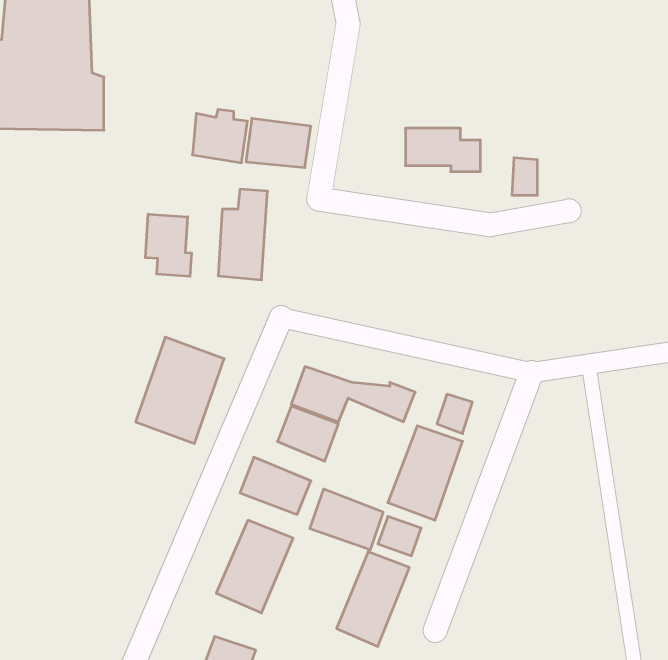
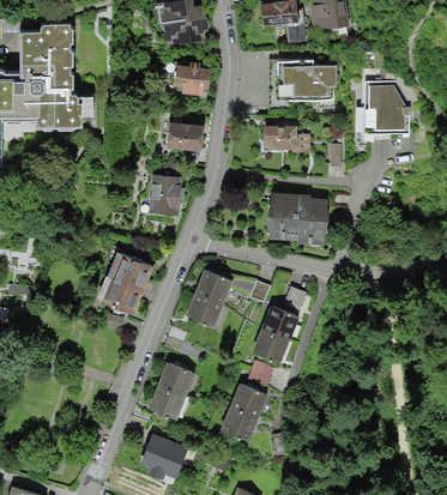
building: none -> [278,60,336,96]
building: none -> [366,83,409,133]
building: [192,109,248,163] -> [175,62,209,95]
building: [145,214,191,276] -> none
building: none -> [268,192,327,242]
building: [310,489,383,550] -> none

